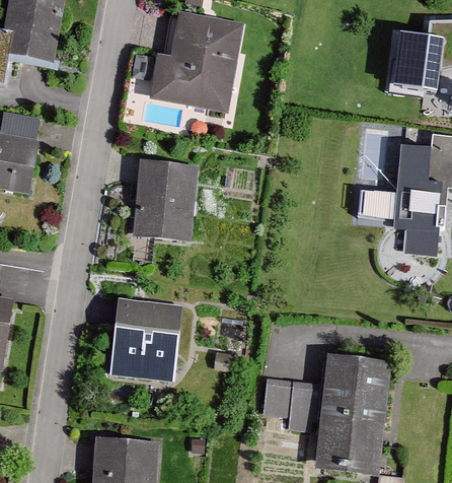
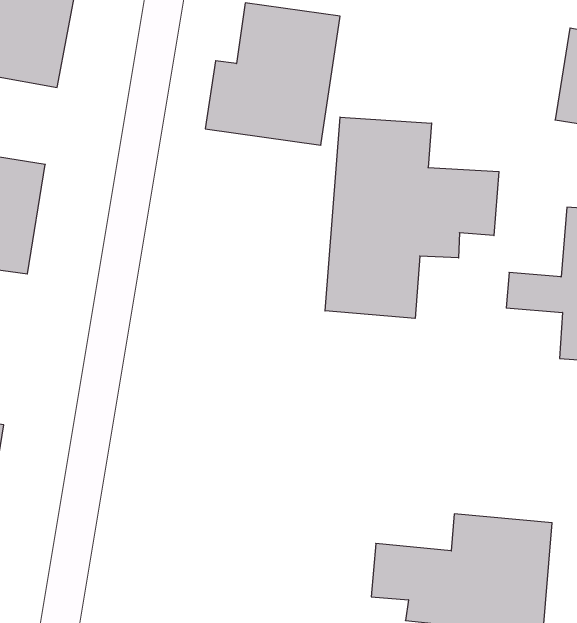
building: none -> [325,117,499,318]
building: [133,160,197,243] -> none
building: [107,298,178,380] -> none

